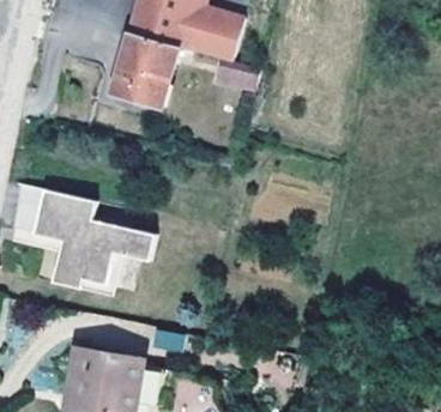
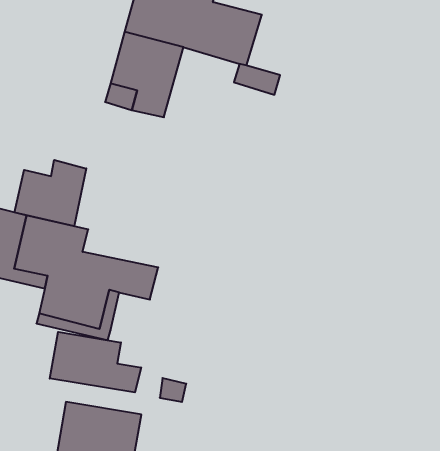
building: none -> [15,160,86,226]
building: none -> [50,332,141,392]

